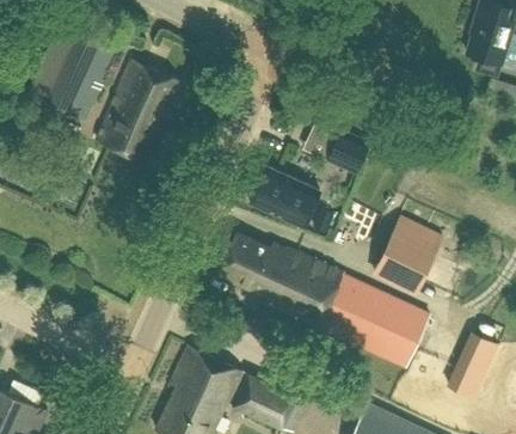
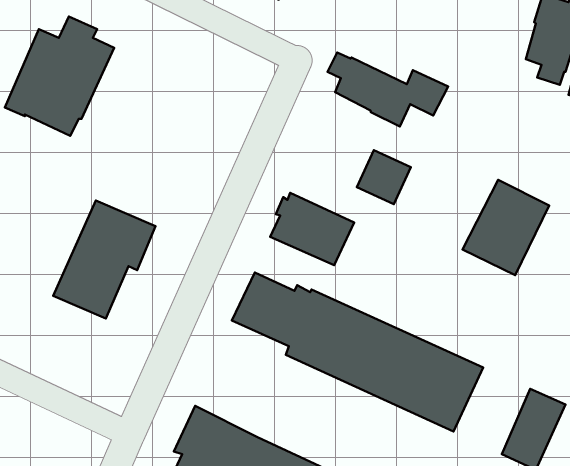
building: none -> [328,52,448,127]
building: [96,61,182,160] -> [53,201,155,319]
building: [370,216,443,297] -> [463,180,549,275]

